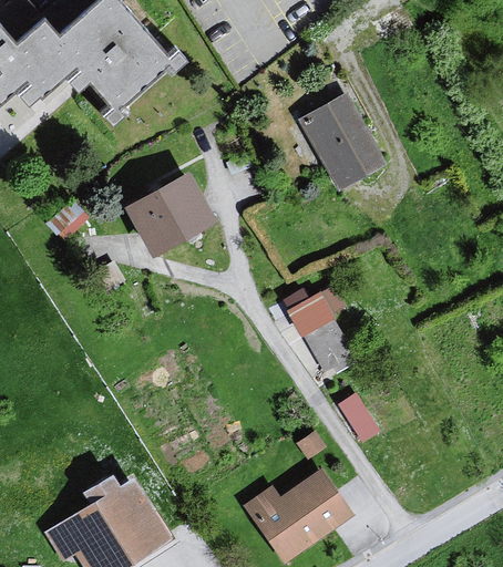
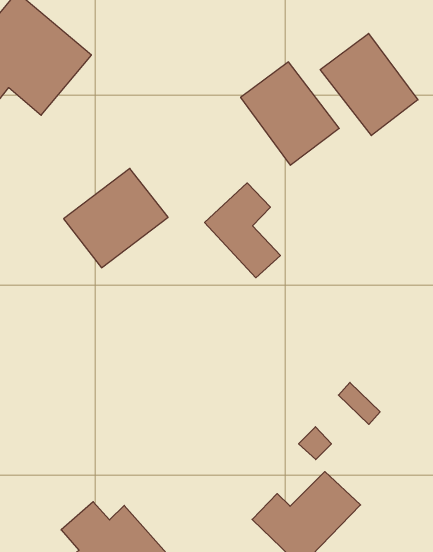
building: none -> [320,33,418,136]
building: [291,285,356,372] -> [205,183,280,278]

